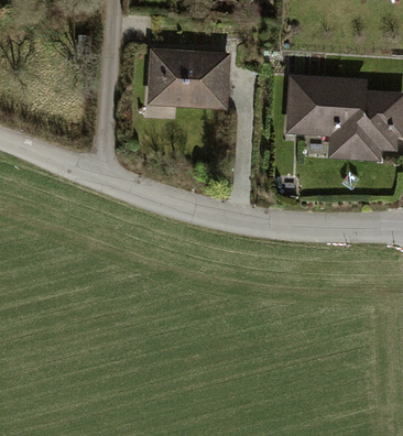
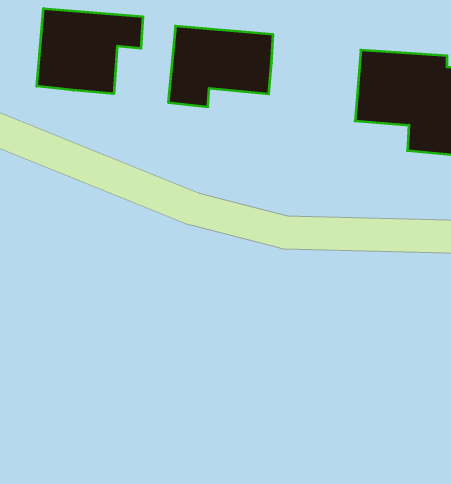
building: none -> [37,8,143,94]

